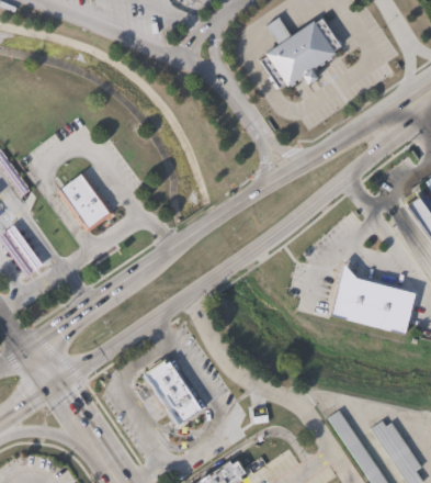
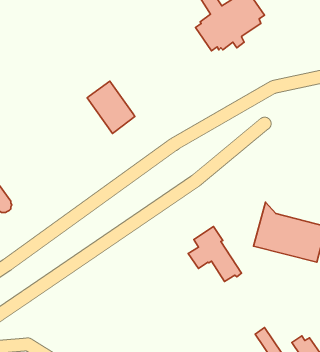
building: [58,172,114,234] -> [87,81,135,133]
building: [141,358,204,423] -> [188,226,241,282]

